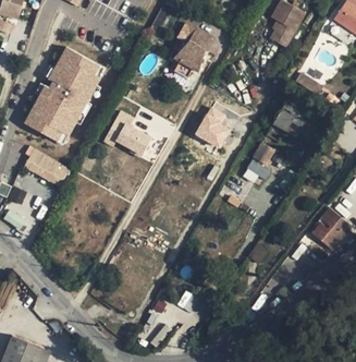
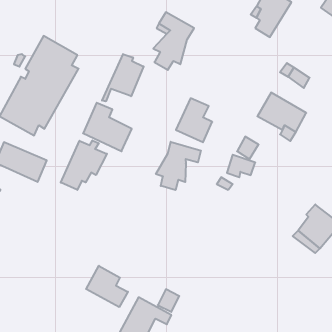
building: none -> [102,54,144,101]
building: none -> [61,140,107,190]
building: none -> [156,142,201,190]
building: none -> [86,266,128,307]

